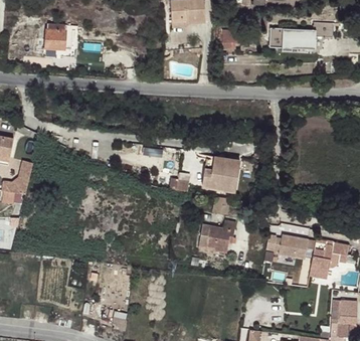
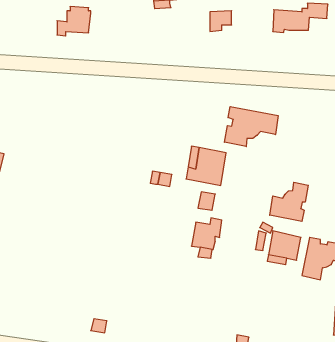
building: [36,24,67,51] -> [57,7,91,36]
building: none -> [224,107,278,147]
building: none -> [270,182,308,221]

